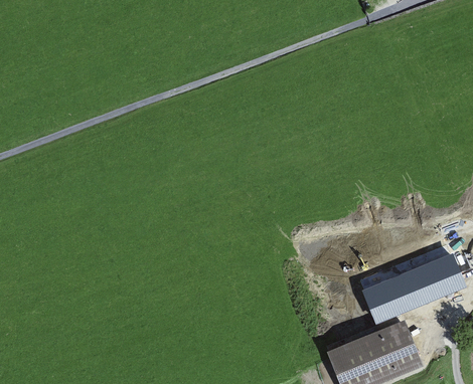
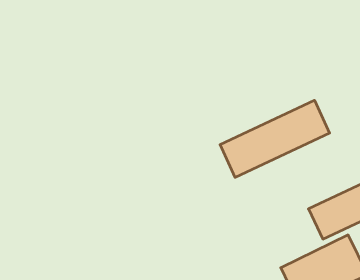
building: none -> [220,100,330,177]

